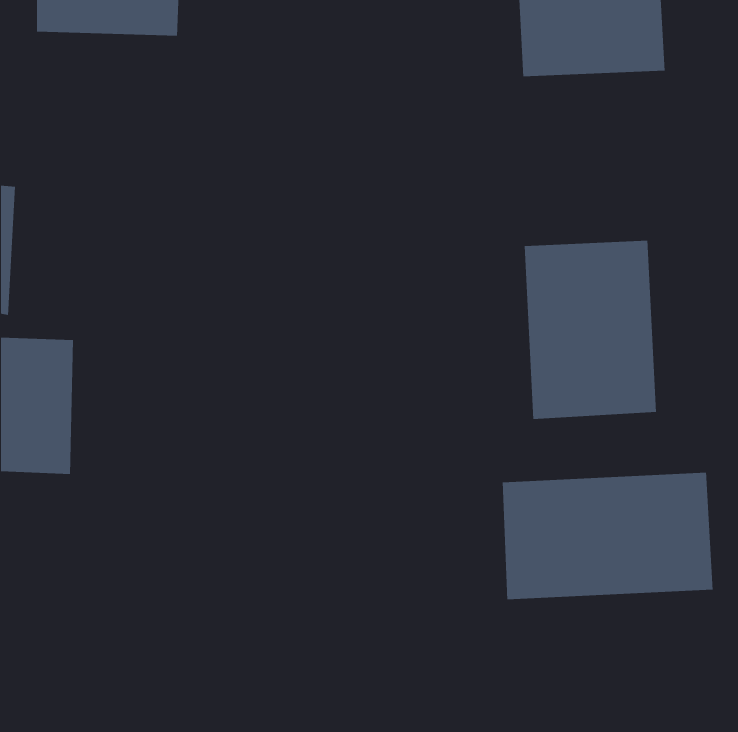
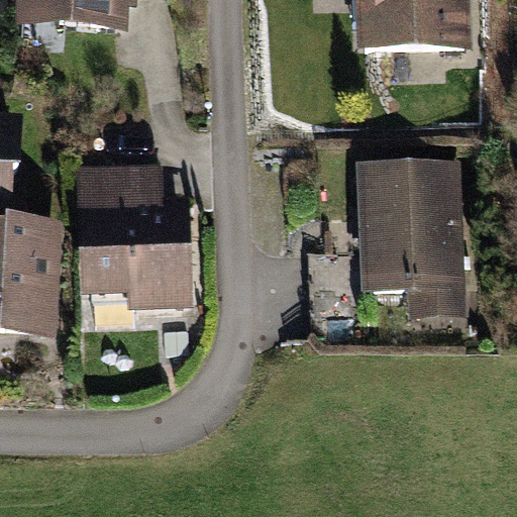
building: none -> [77,164,186,300]
building: [502,472,713,600] -> none

